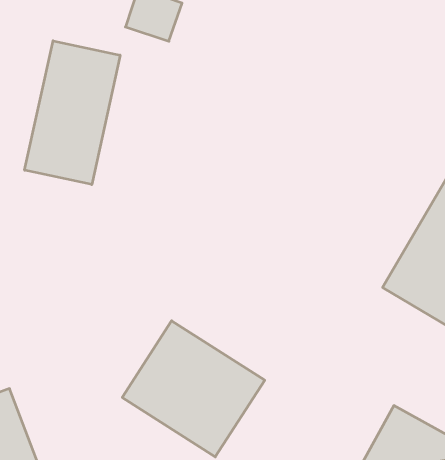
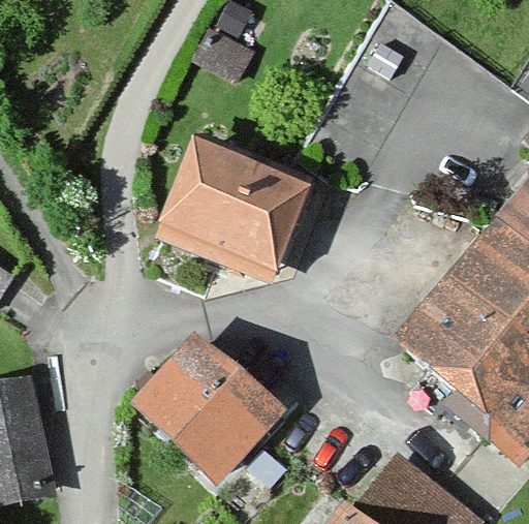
building: [25,41,120,185] -> none
building: none -> [163,147,308,270]

